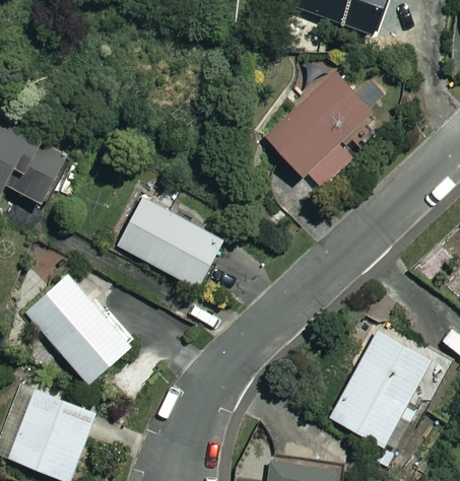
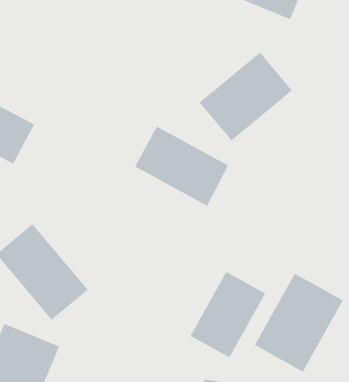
building: [115,196,226,291] -> [134,125,229,207]
building: none -> [189,271,266,359]

